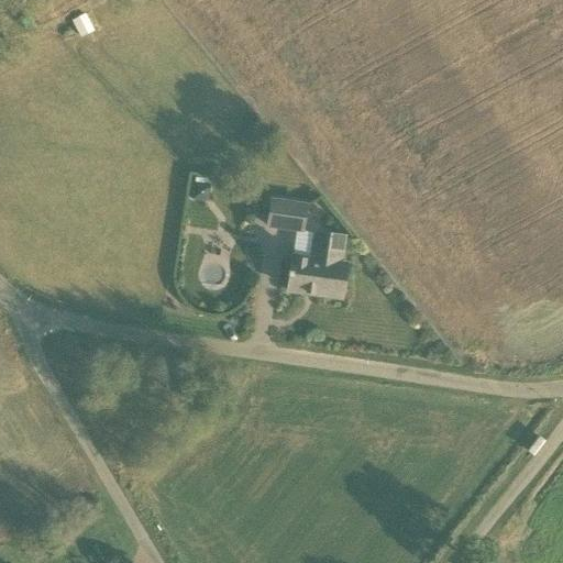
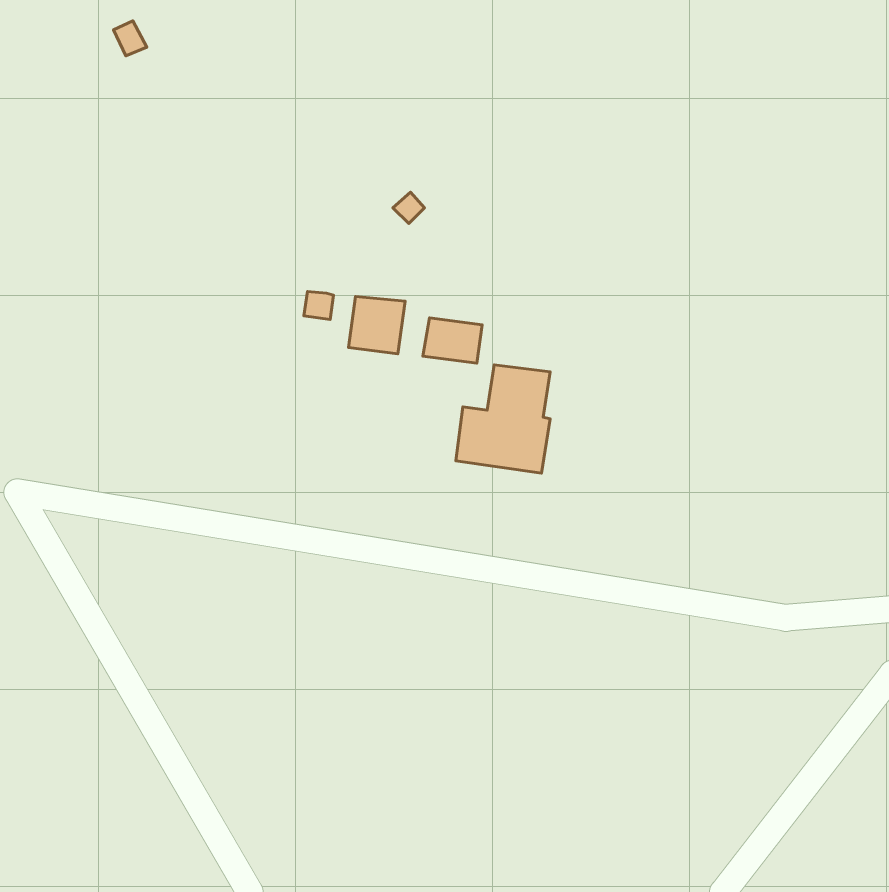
building: none -> [349,296,405,354]

